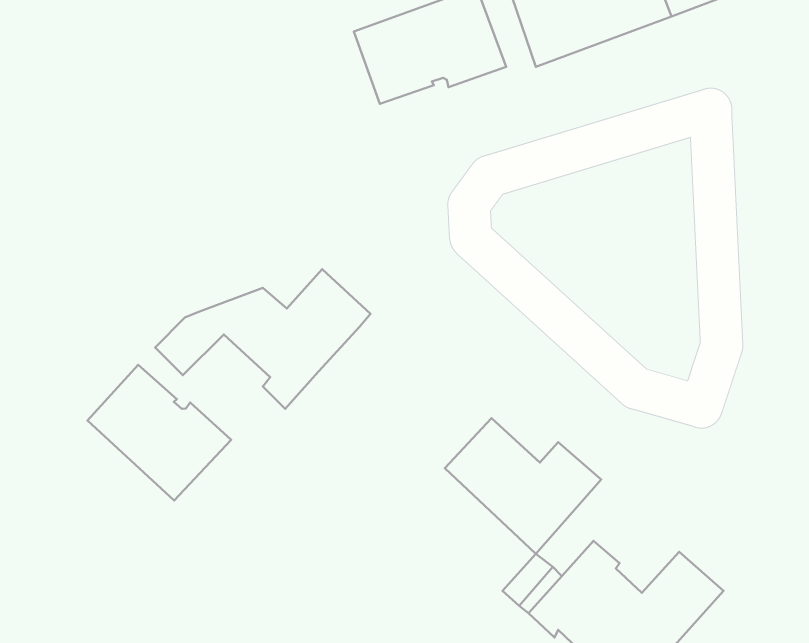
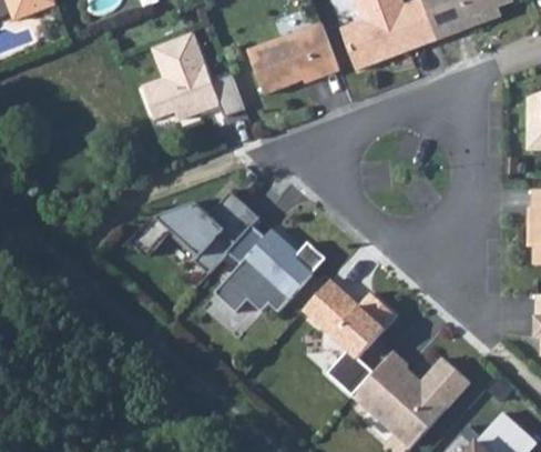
building: none -> [140,38,241,133]
building: none -> [214,223,325,310]
building: [87,365,231,501] -> none

